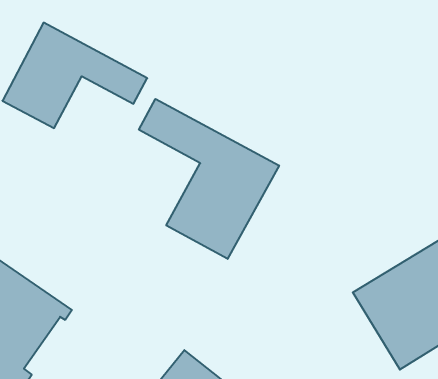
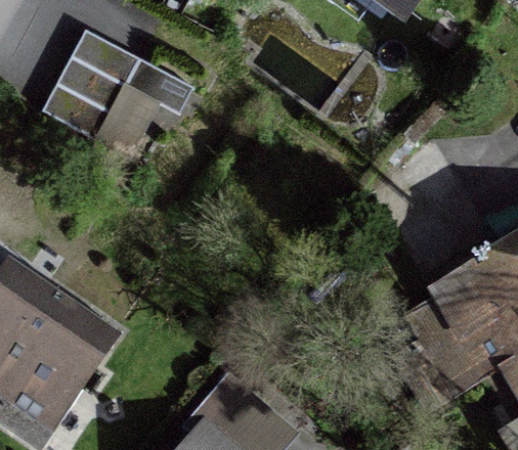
building: [139,99,279,259] -> none

